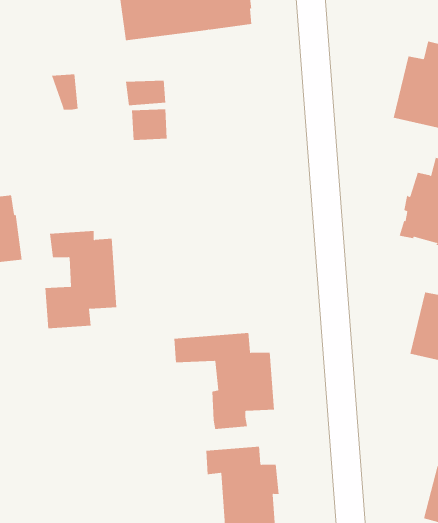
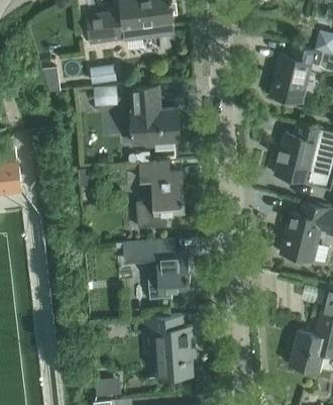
building: none -> [130,87,181,145]
building: [45,230,117,329] -> [136,164,185,229]

